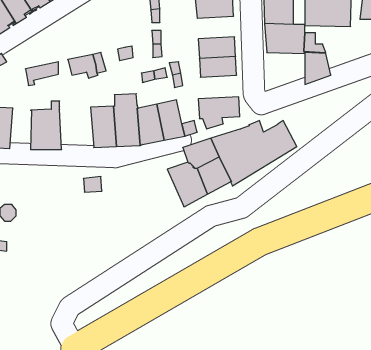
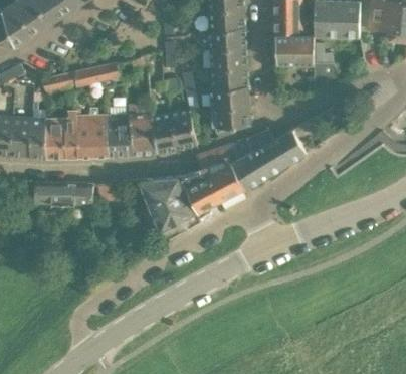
building: none -> [209,28,245,50]
building: none -> [209,85,254,109]
building: none -> [75,108,109,158]
building: none -> [27,118,48,158]
building: none -> [140,177,196,232]
building: none -> [34,182,92,204]

